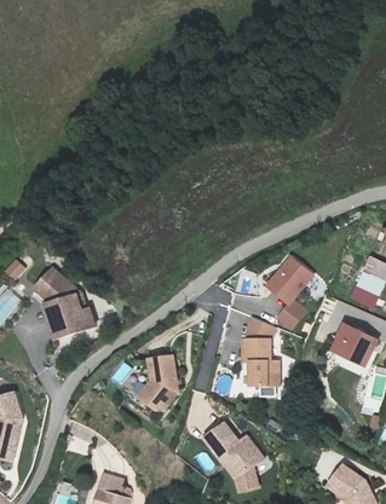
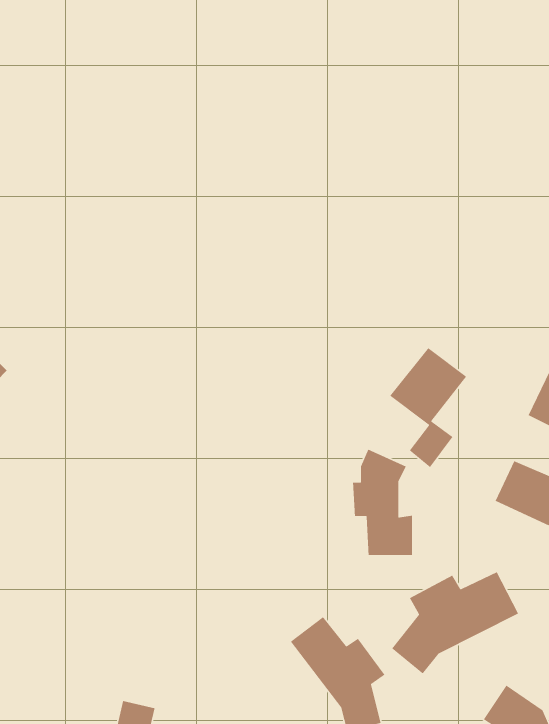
building: [34,266,94,342] -> none
building: [143,354,173,410] -> none
building: none -> [391,571,519,674]

